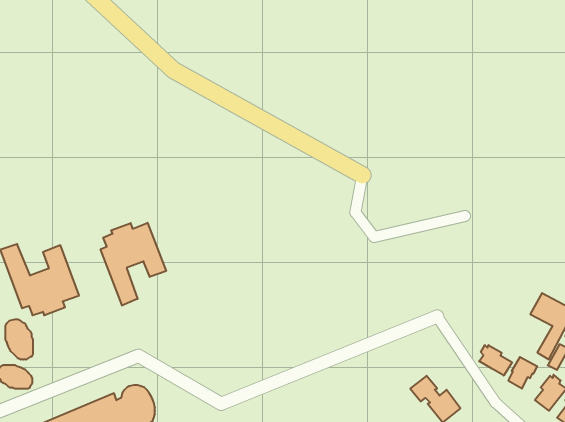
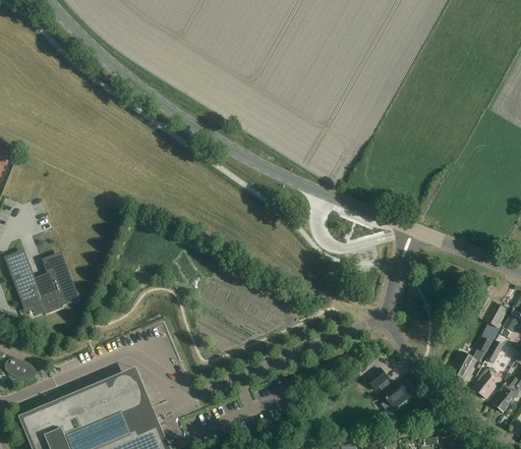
building: [101,223,166,306] -> none
building: [5,319,33,360] -> none
building: [479,345,512,376] -> none

